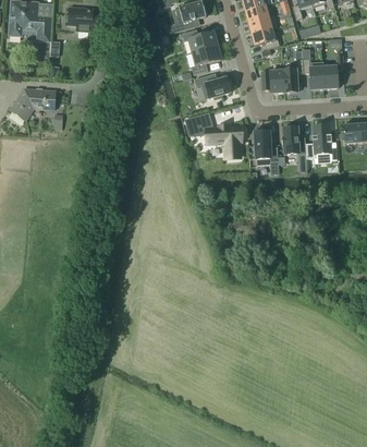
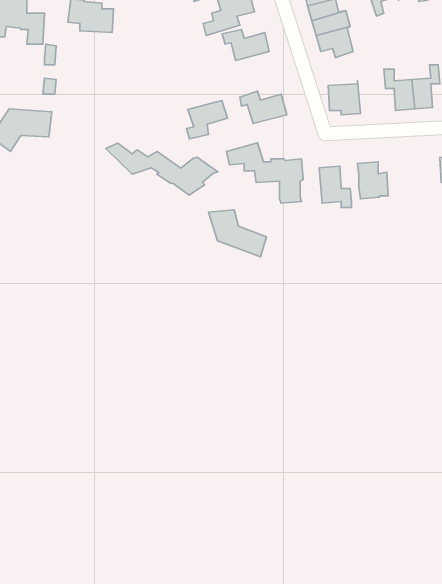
building: [191,45,221,73] -> [186,101,228,139]
building: [282,58,303,90] -> none
building: none -> [106,143,218,195]
building: [305,123,337,159] -> none
building: none -> [209,210,266,257]

